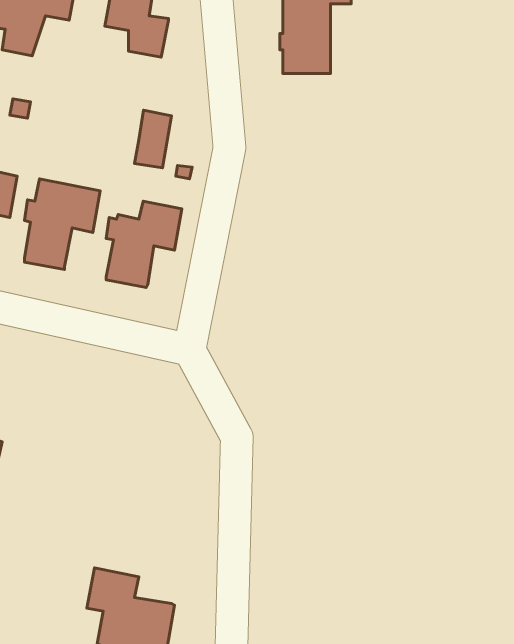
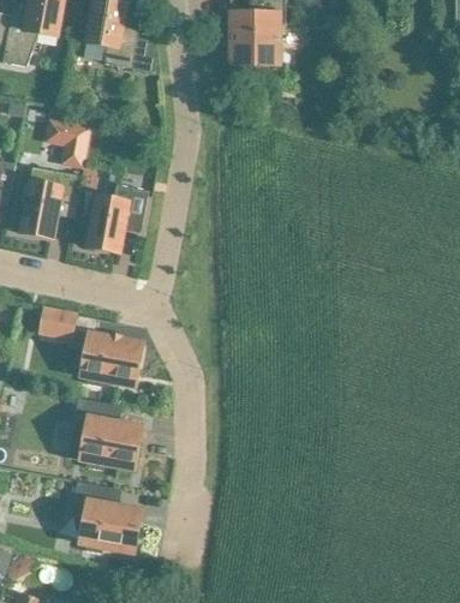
building: [134,110,172,168] -> [60,123,90,169]
building: none -> [38,308,143,386]
building: none -> [67,398,142,468]

